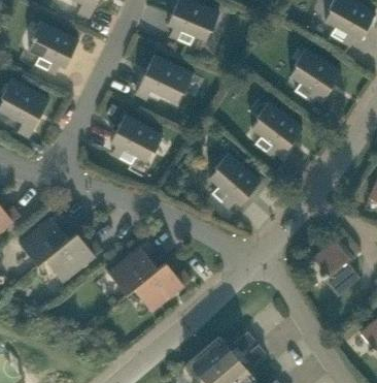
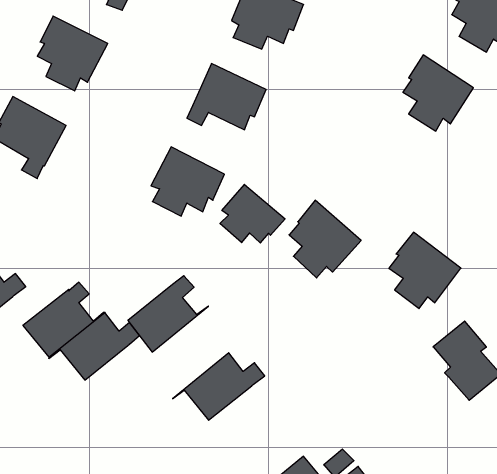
building: [251,102,303,157] -> [389,232,461,309]
building: none -> [220,184,285,243]
building: [108,241,166,295] -> [128,276,208,352]

